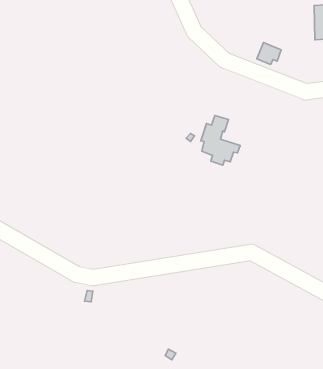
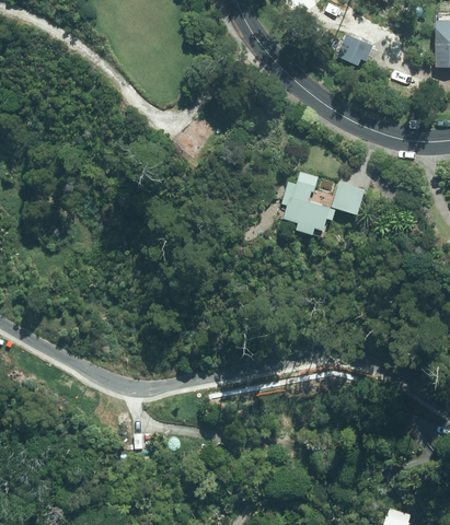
building: [257,42,281,64] -> [339,35,372,65]
building: none -> [332,180,365,214]

